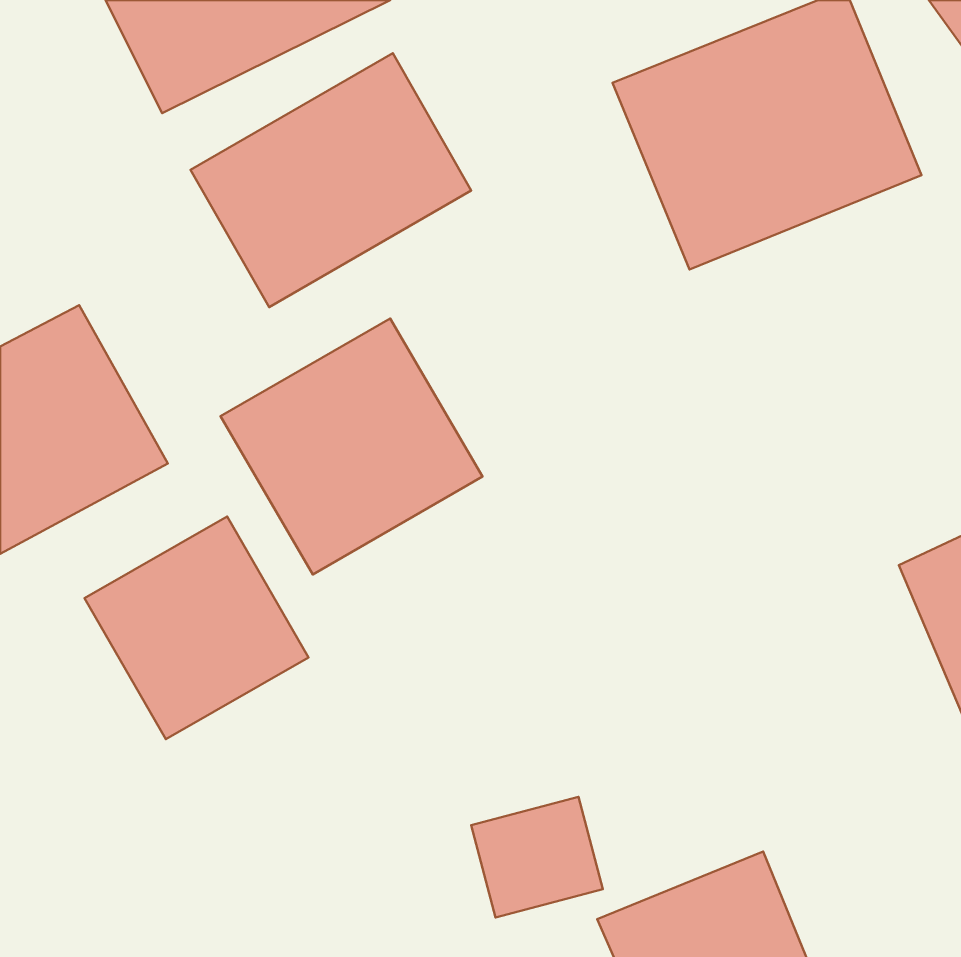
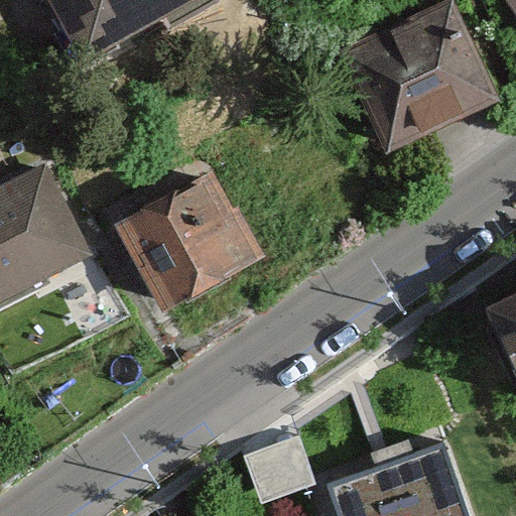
building: [191,53,471,307] -> none
building: [84,517,309,739] -> none

